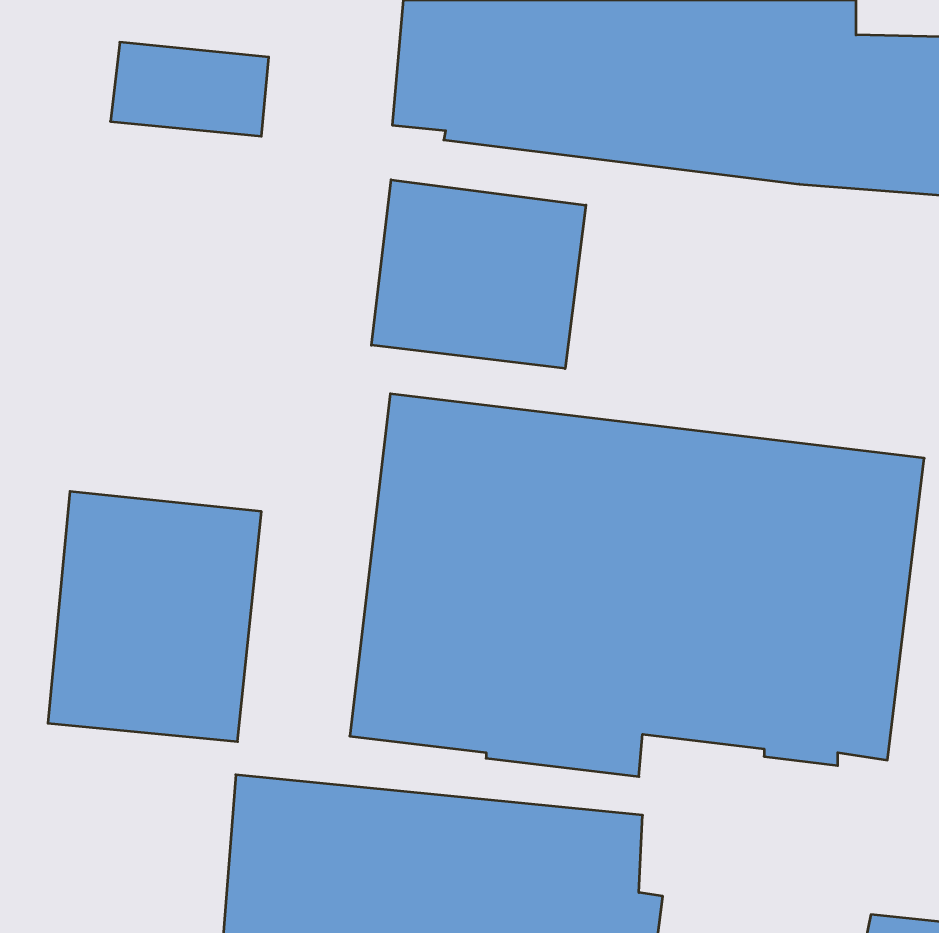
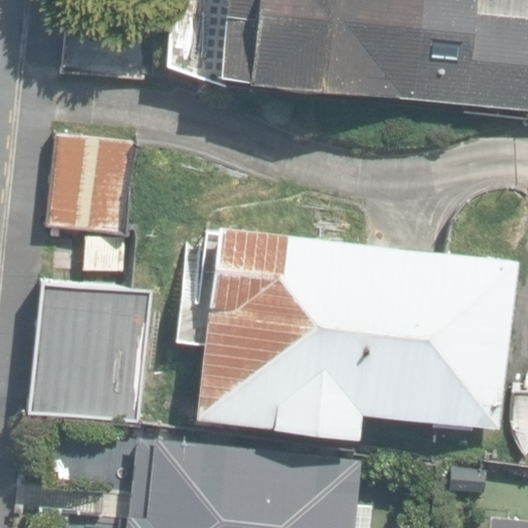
building: [371,180,586,369] -> none
building: none -> [46,135,137,237]

